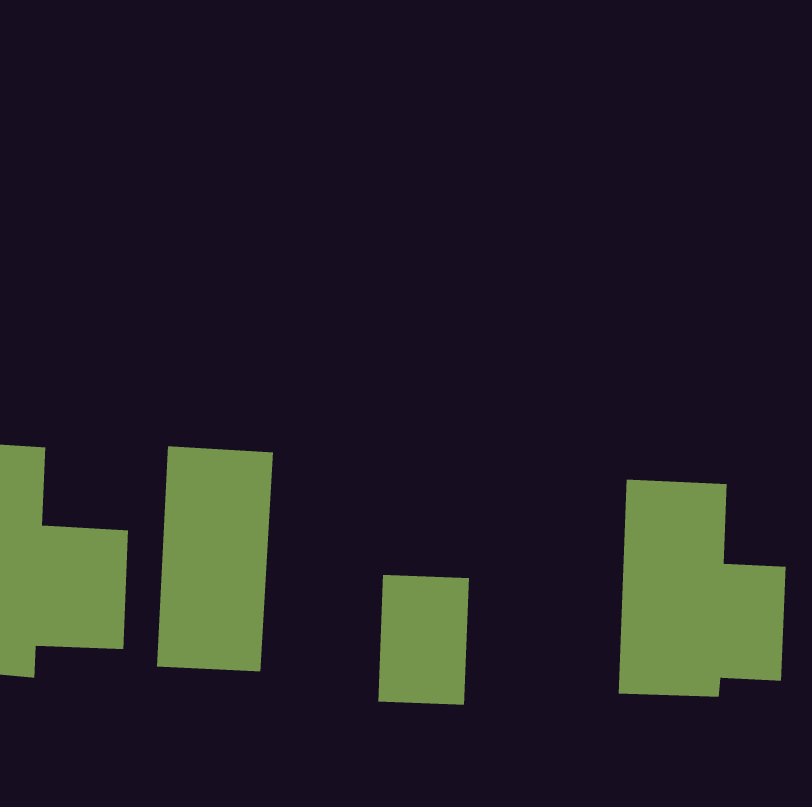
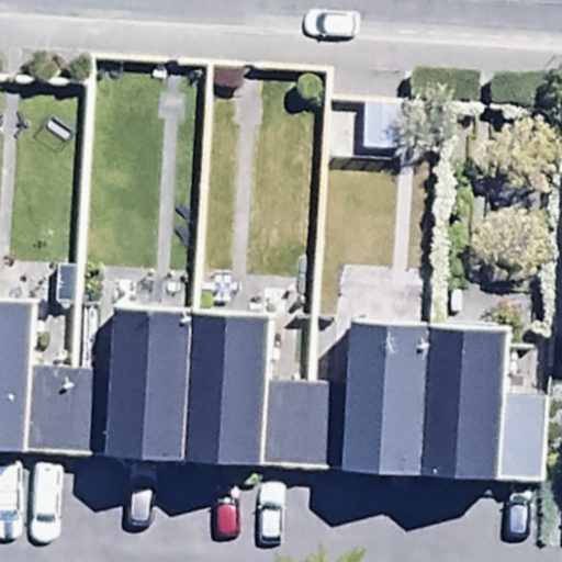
building: none -> [189,313,265,465]
building: none -> [345,324,427,474]

